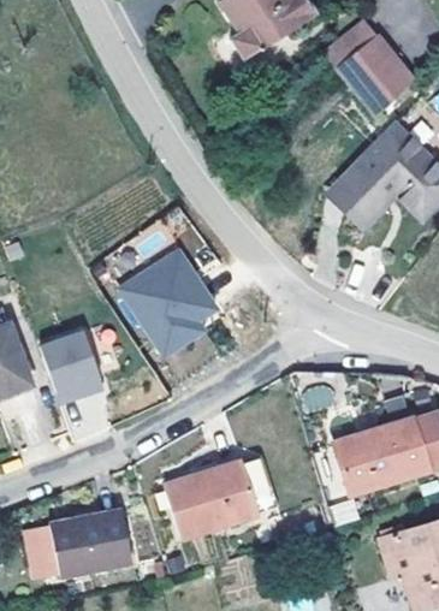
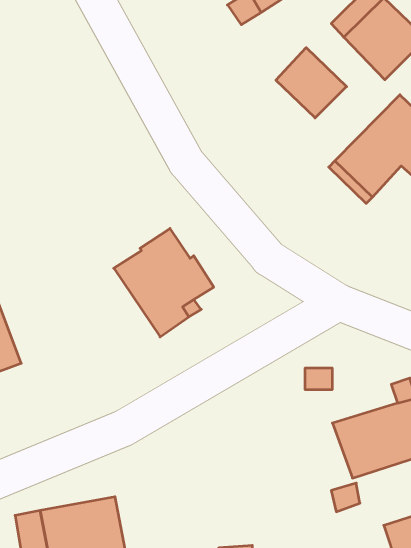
building: none -> [276,48,347,118]
building: [40,333,103,405] -> none
building: [164,461,257,538] -> none

